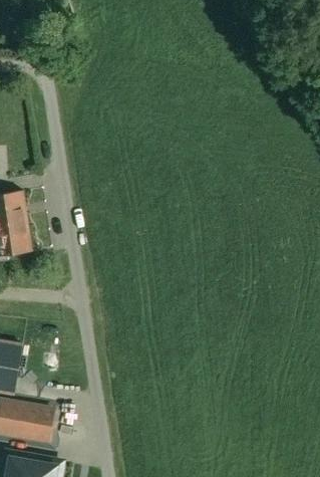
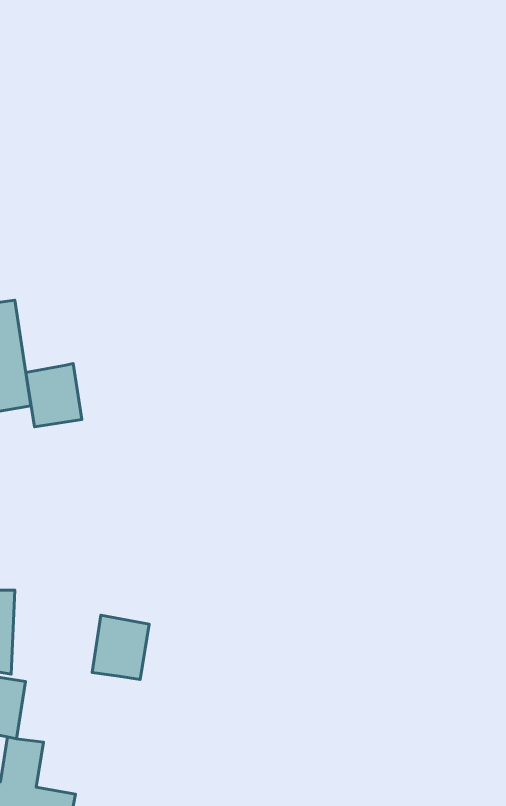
building: none -> [26,364,82,427]
building: [22,404,54,440] -> [92,615,149,680]

